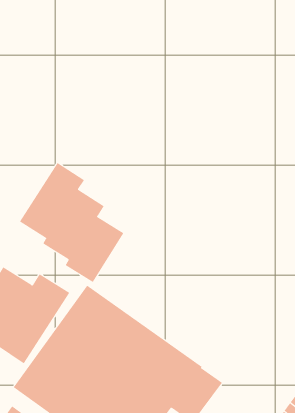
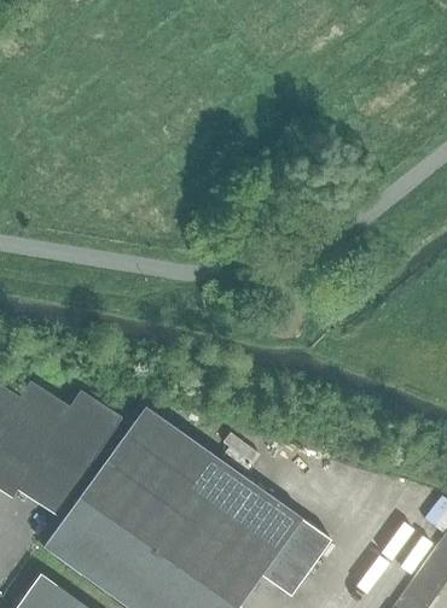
building: [19,162,124,283] -> none

